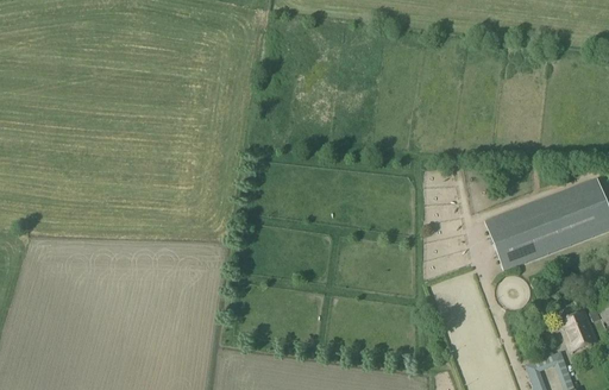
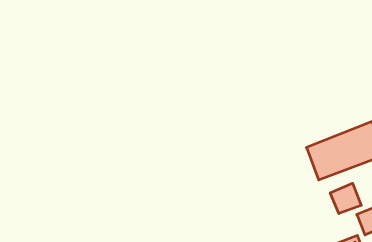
building: none -> [330,183,361,214]

